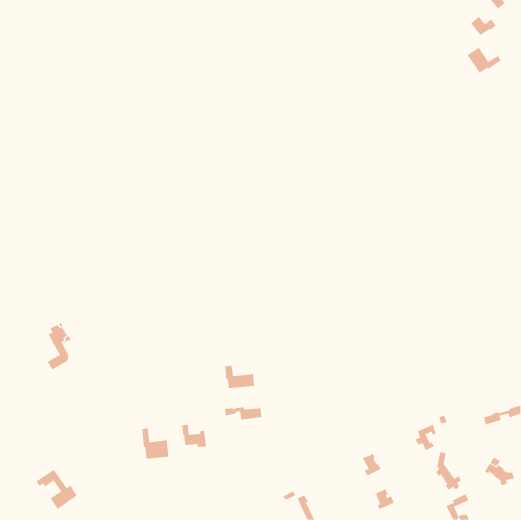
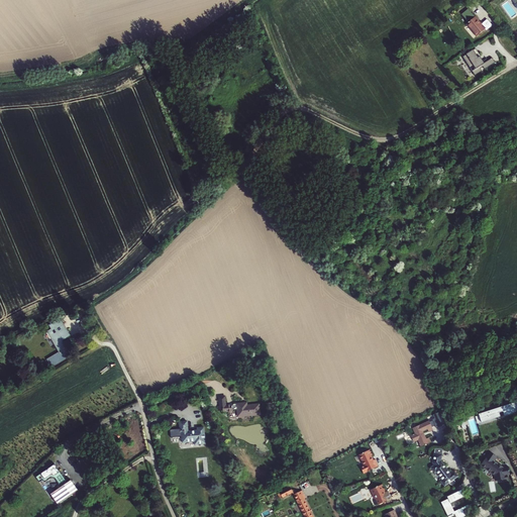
building: [225,365,255,389] -> none
building: [142,428,169,459] -> none

